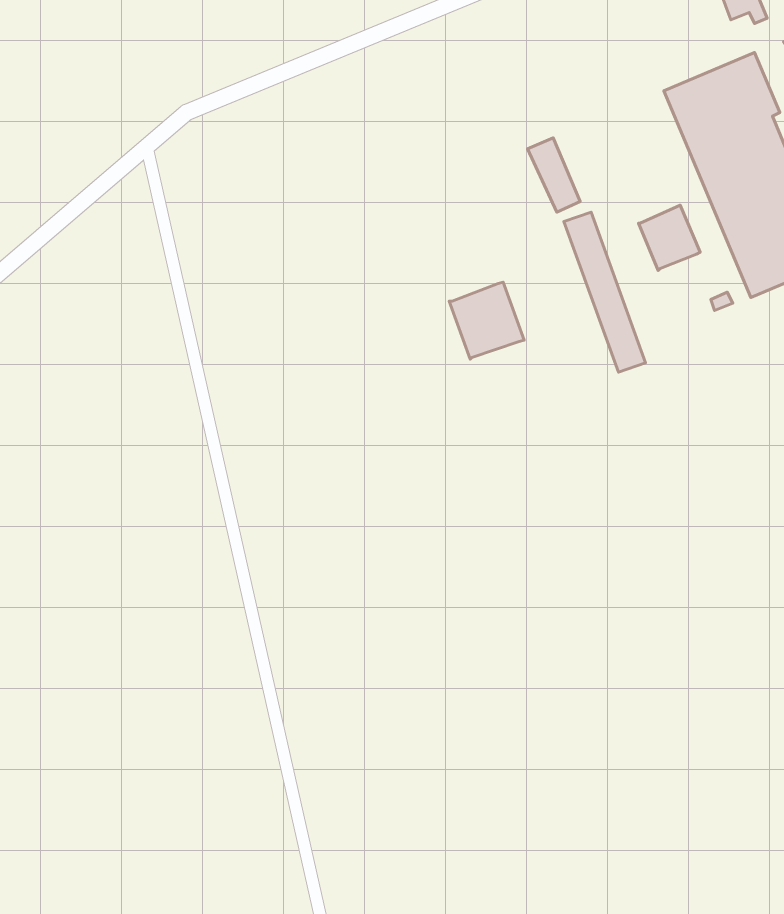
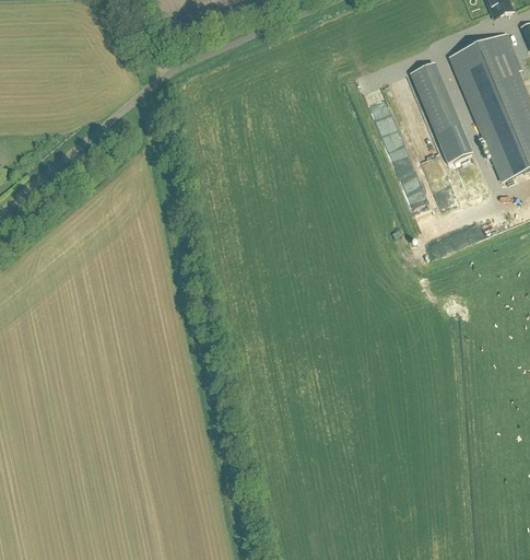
building: none -> [408,61,459,135]
building: [449,282,524,359] -> none

